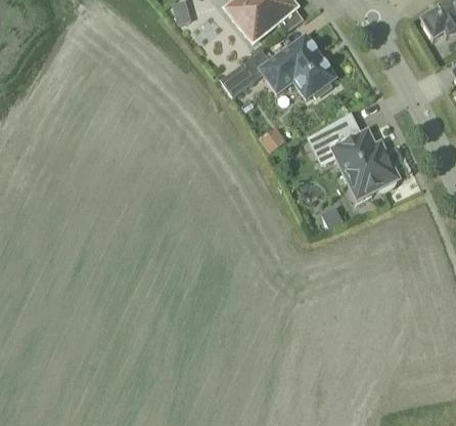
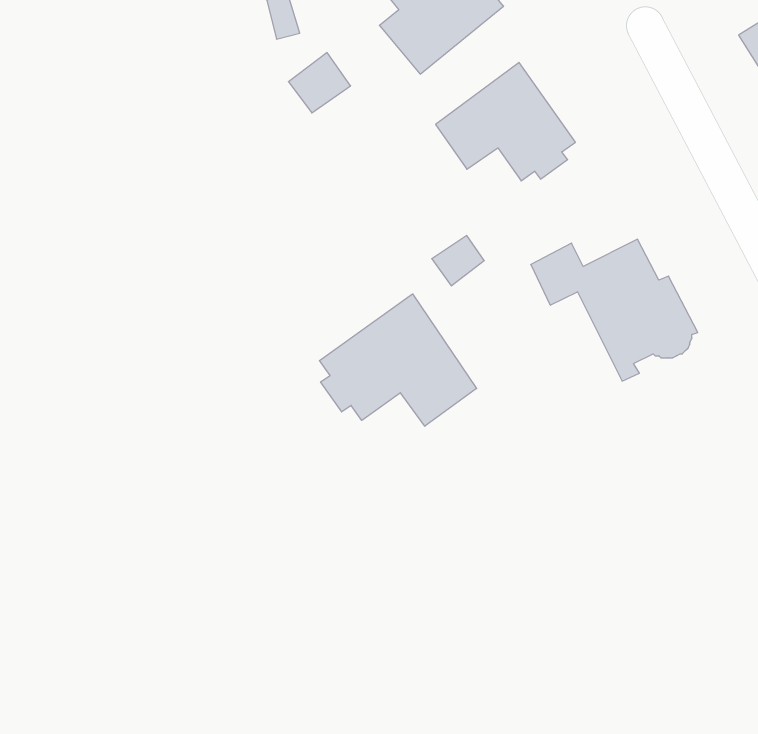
building: [220,62,253,94] -> [288,53,351,113]
building: none -> [319,294,477,426]

